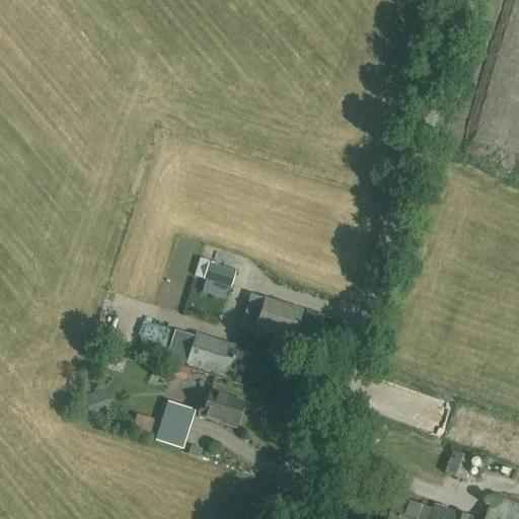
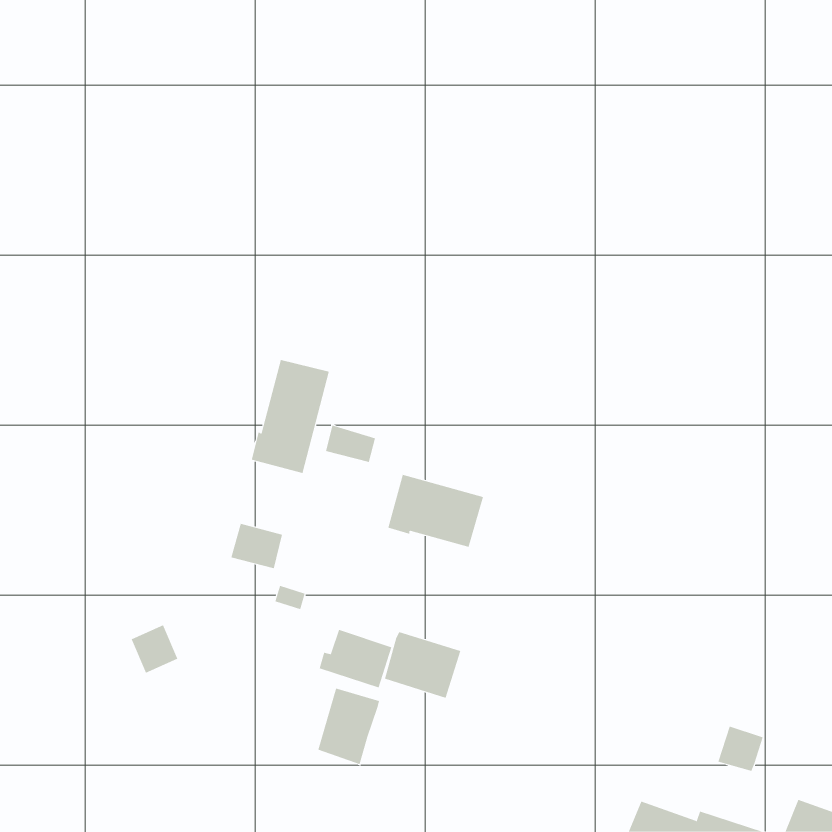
building: none -> [251,359,330,474]
building: [188,332,235,374] -> [384,631,461,698]
building: [157,401,196,449] -> [318,688,380,765]

